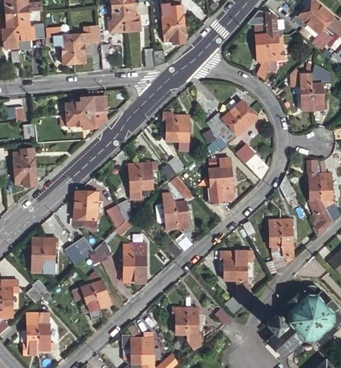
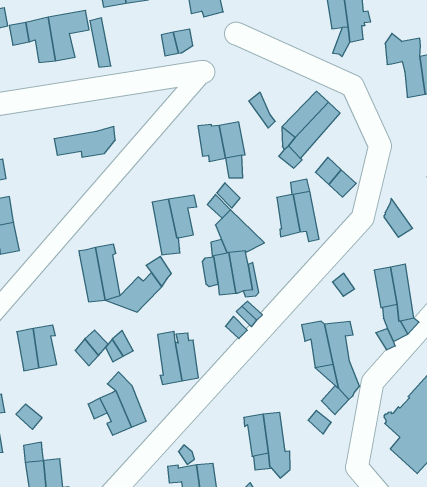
building: [66,96,108,114] -> none

